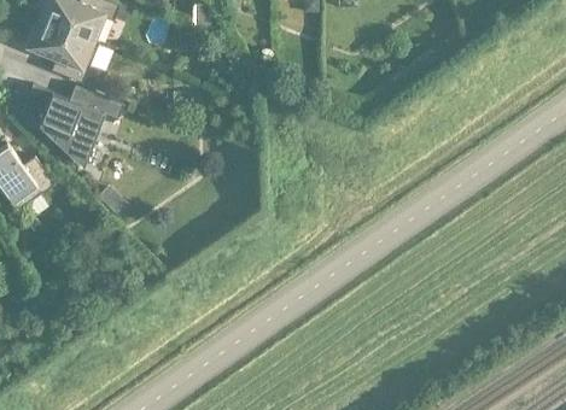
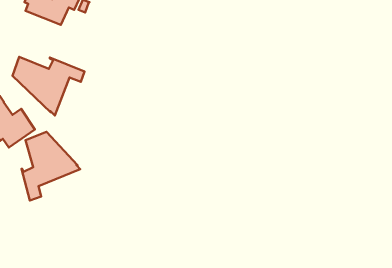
building: [24,19,98,83] -> none
building: none -> [21,132,80,201]

